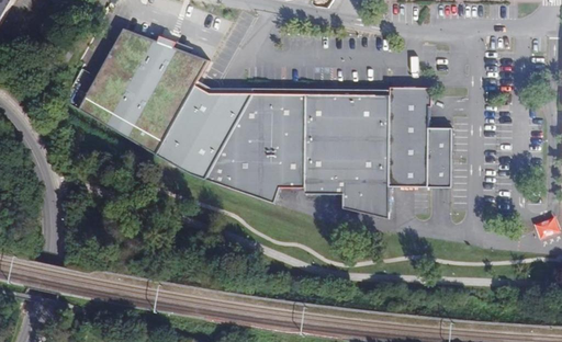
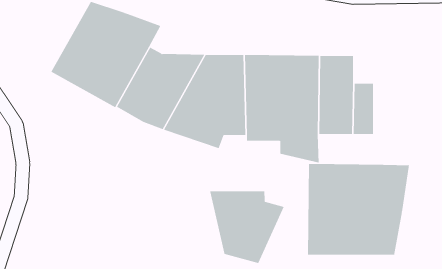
building: none -> [307,163,409,256]
building: none -> [209,191,285,264]

